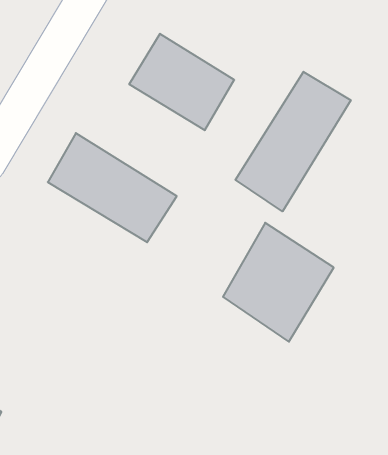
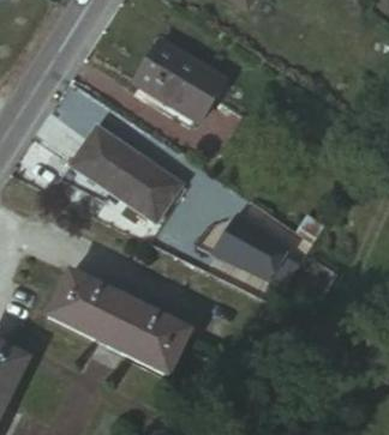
building: [235,72,351,211] -> none
building: none -> [47,268,193,374]

